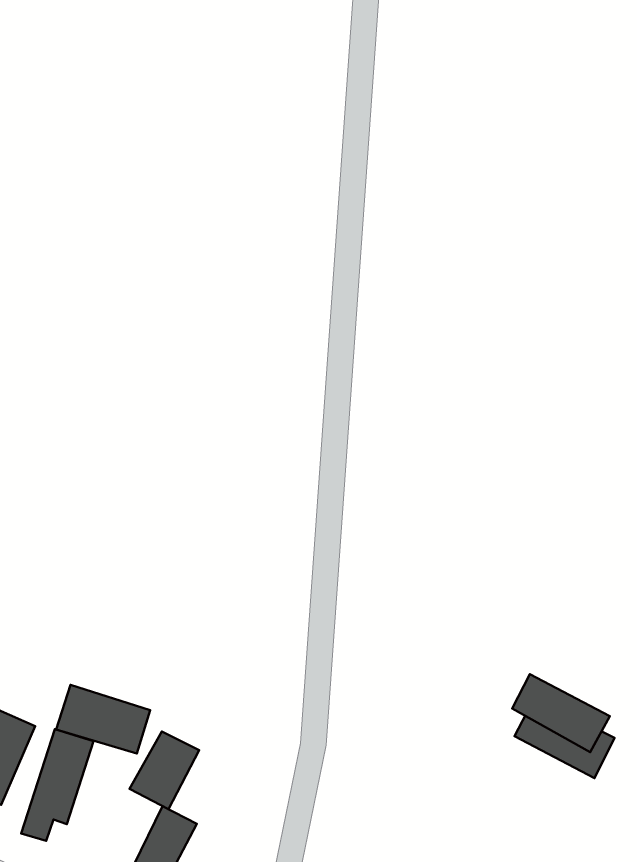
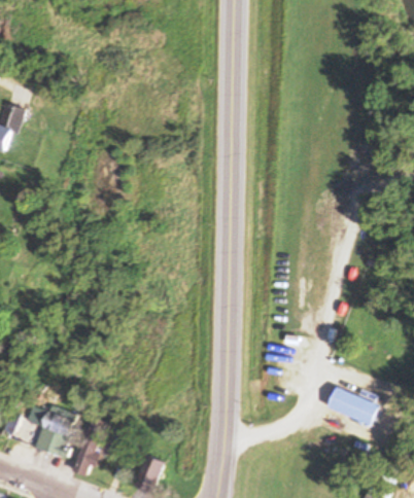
building: [56,685,150,754] -> none
building: [130,731,199,809] -> none

